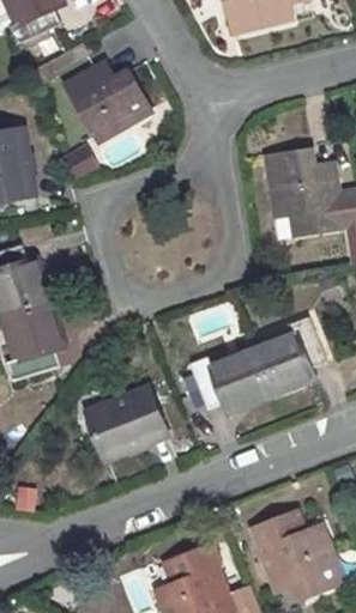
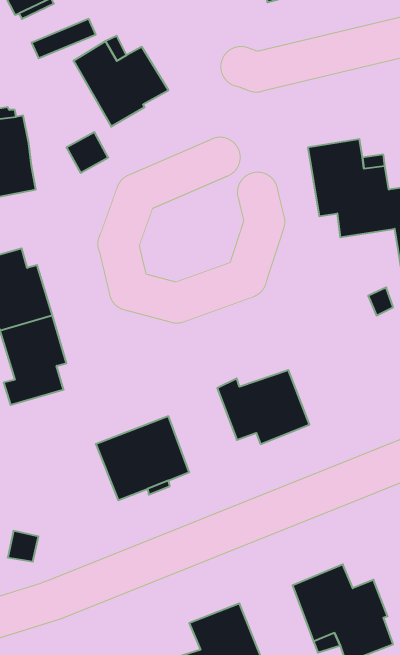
building: [251,316,325,395] -> none

